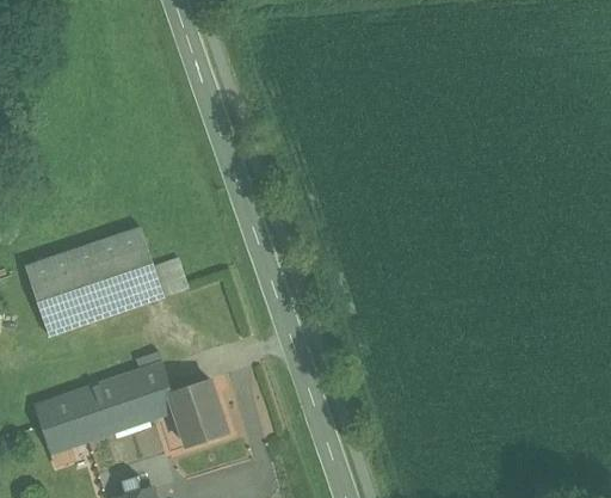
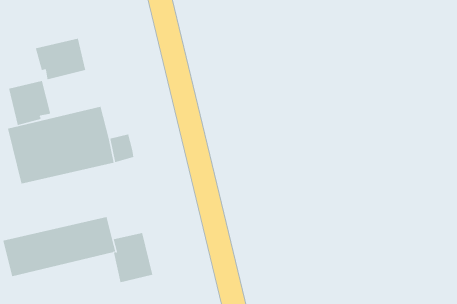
building: none -> [35,38,86,80]
building: none -> [9,80,51,126]

